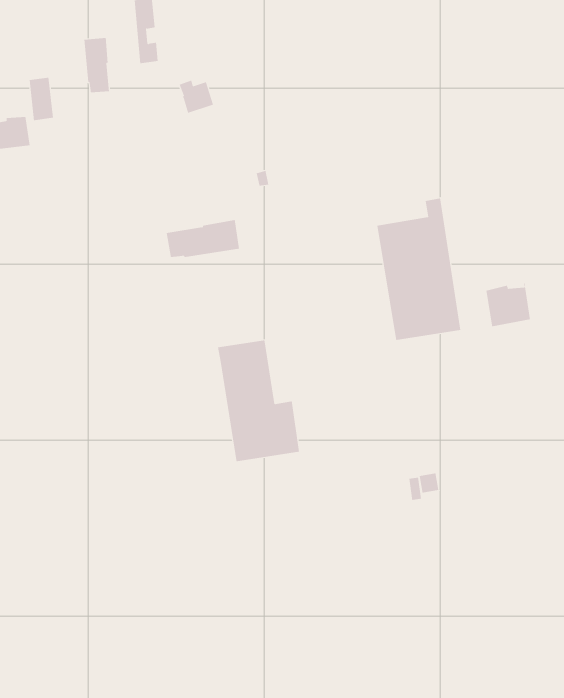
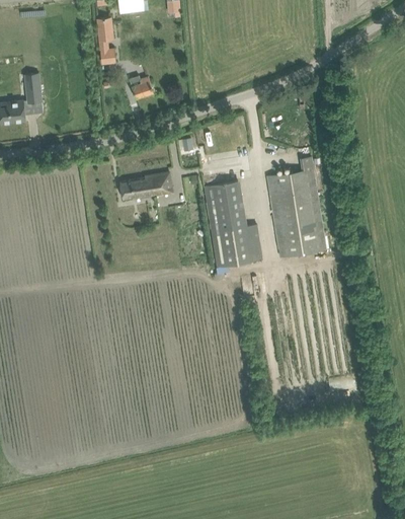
building: [84,37,109,93] -> none
building: [486,283,531,327] -> none
building: [217,340,300,462] -> [204,181,261,267]

